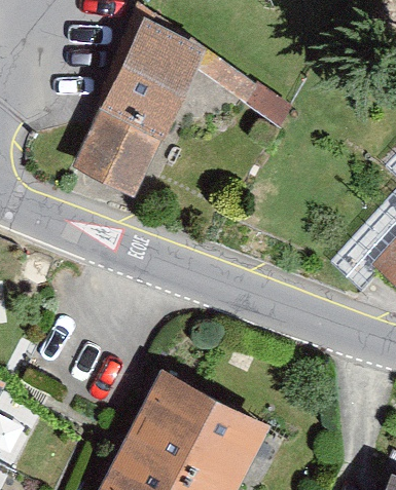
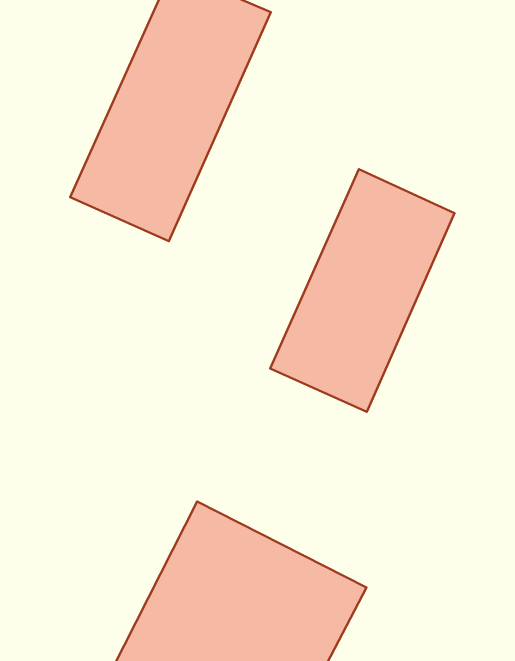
building: none -> [270,169,455,412]

